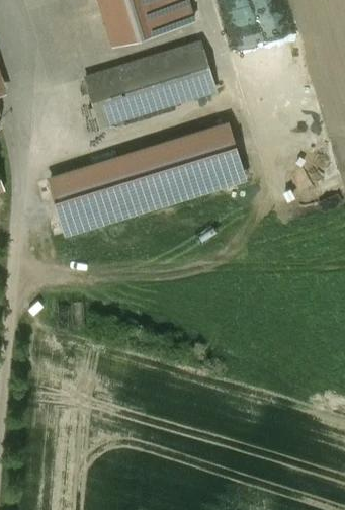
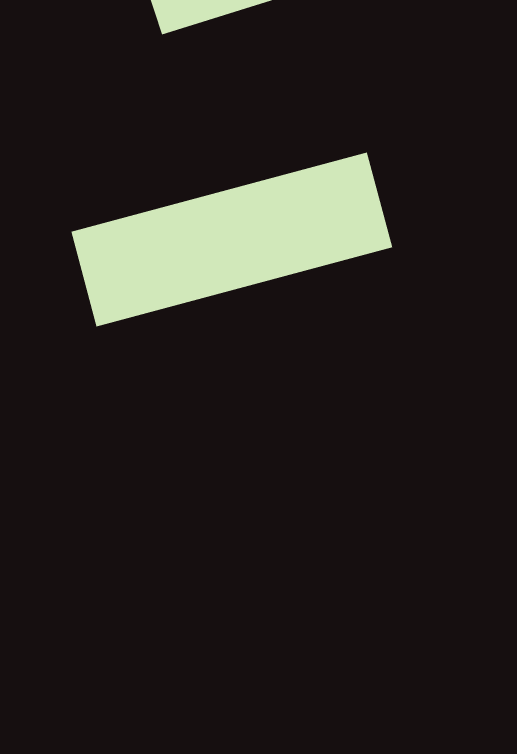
building: [87,42,217,125] -> none

